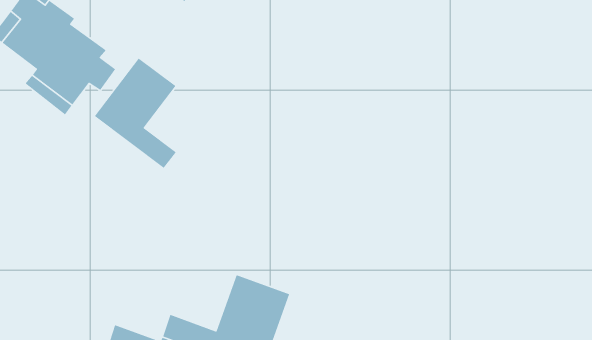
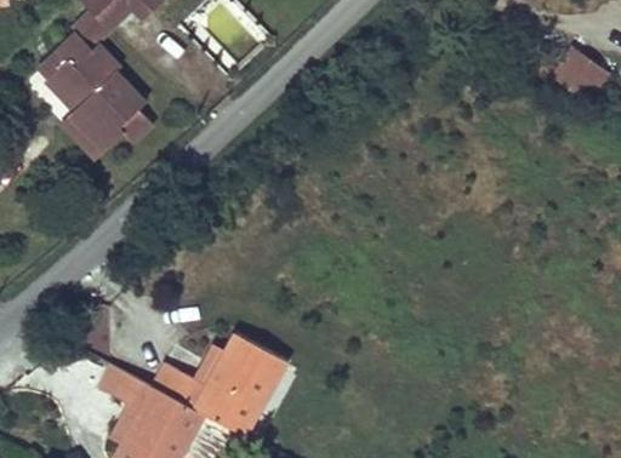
building: [94,57,177,169] -> none

